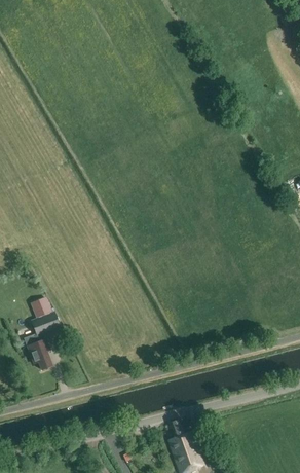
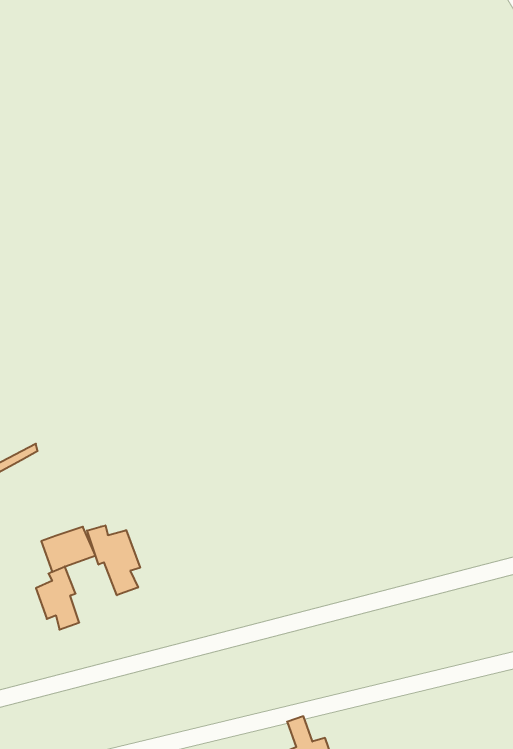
building: none -> [87,525,140,595]

